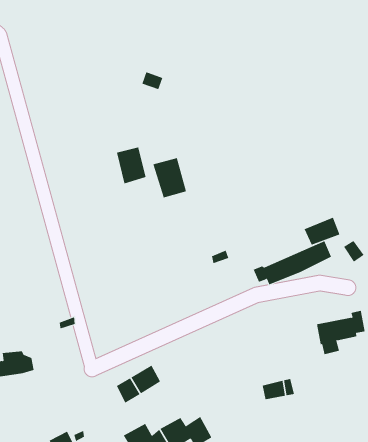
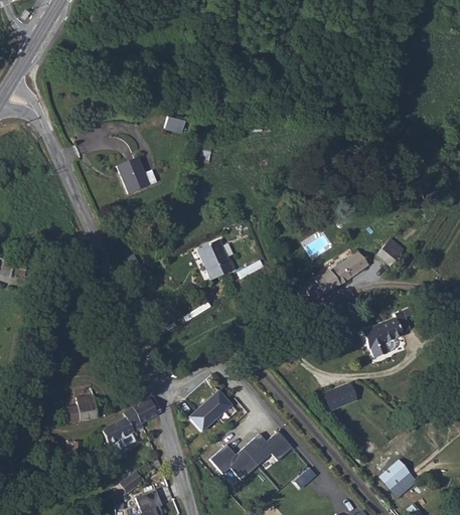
building: [116,147,147,184] -> [111,156,143,193]
building: [153,158,187,198] -> [203,240,240,281]
building: [304,217,340,246] -> none
building: none -> [109,400,162,450]

